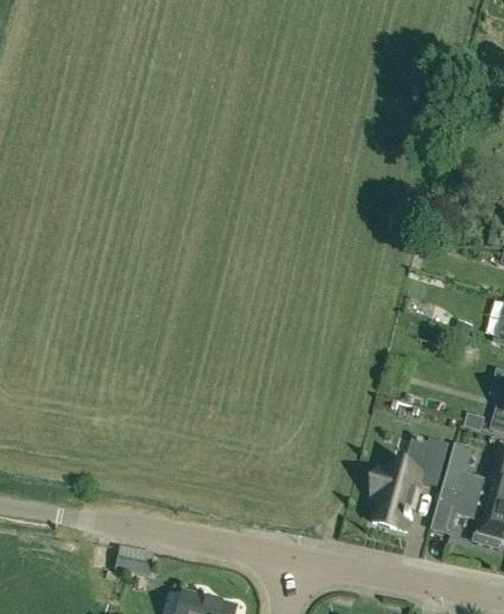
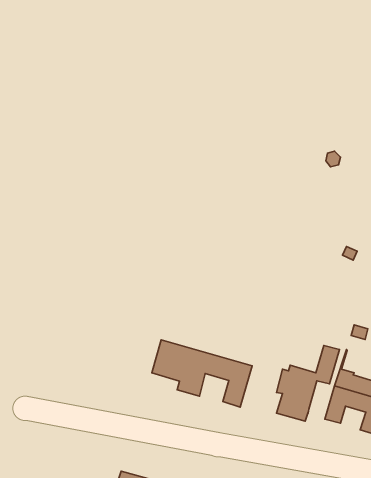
building: none -> [152,340,252,407]
building: [114,543,152,572] -> none

